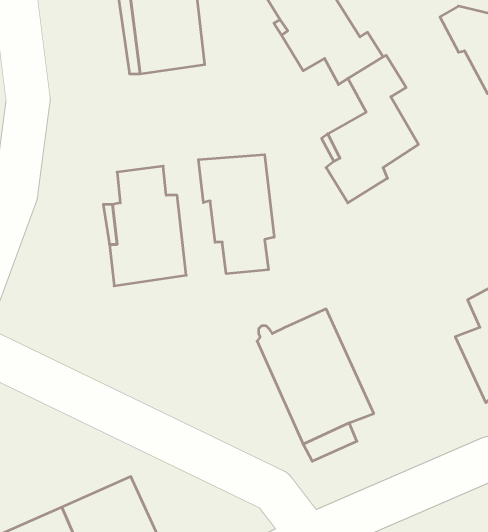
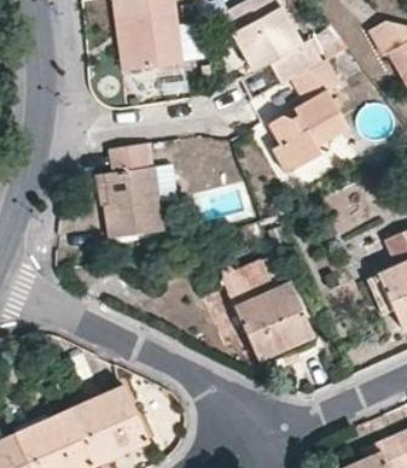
building: [198,155,274,274] -> none

